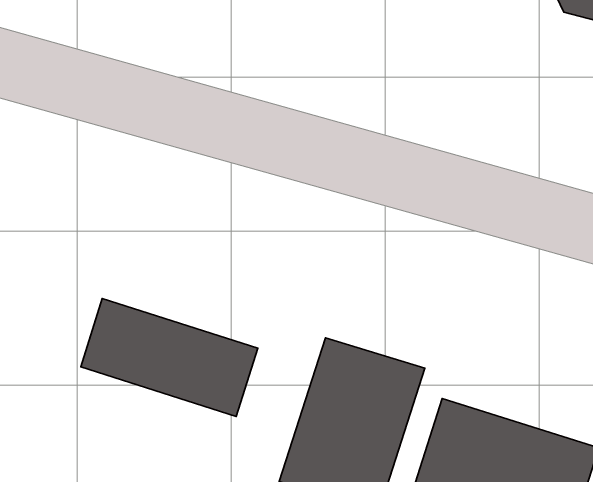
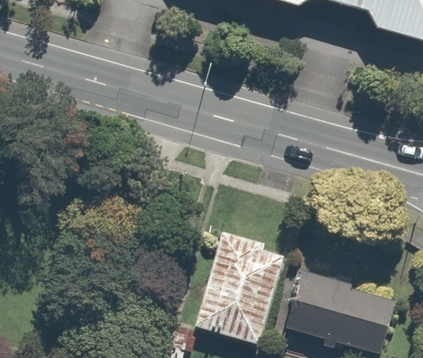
building: [81,298,258,416] -> none

